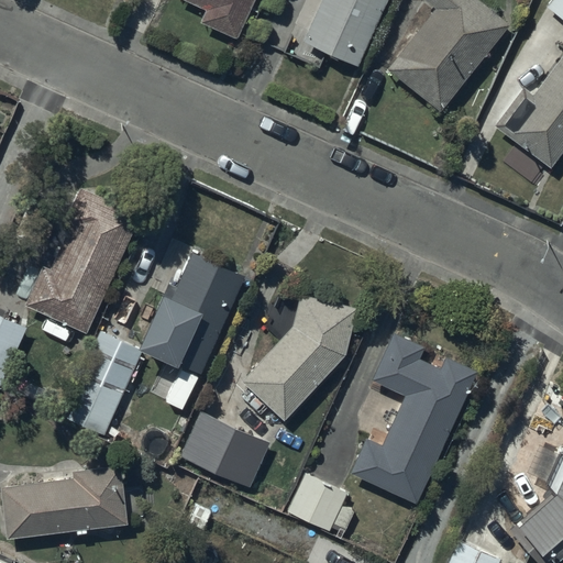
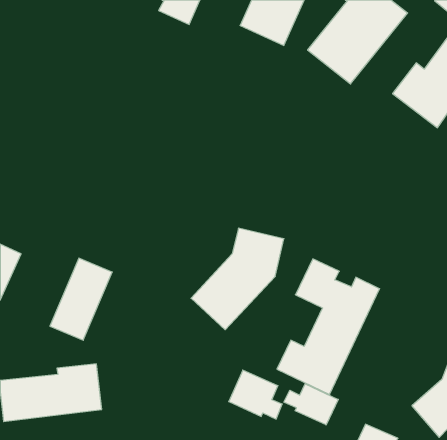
building: [25,187,142,335] -> none
building: [137,245,245,374] -> none
building: [181,412,271,488] -> none
building: none -> [284,384,338,425]

